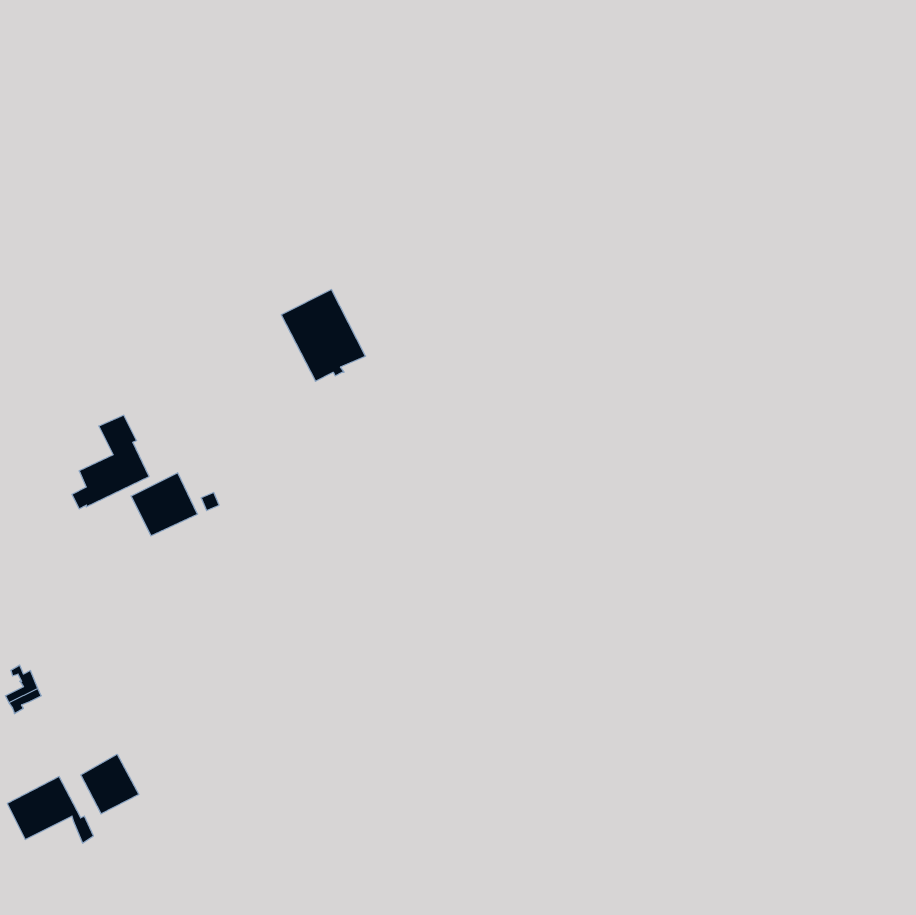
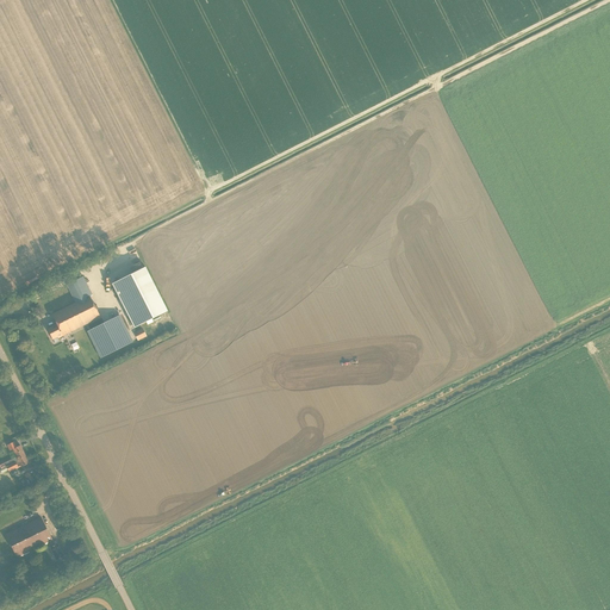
building: [281,290,366,381] -> [111,266,167,326]
building: [81,754,139,814] -> none

